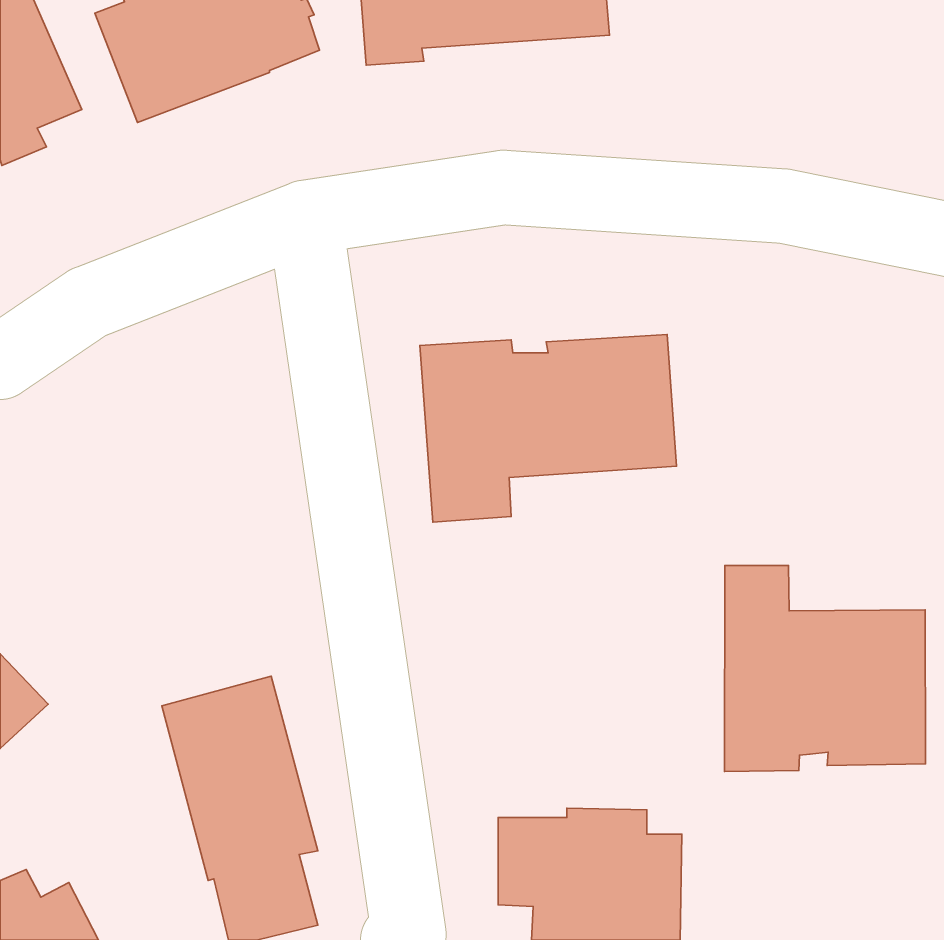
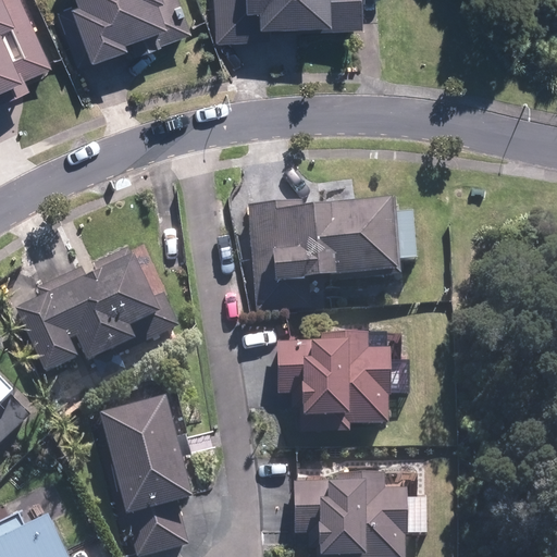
building: none -> [15,247,178,372]
building: [725,565,925,772] -> none
building: none -> [277,333,386,431]

